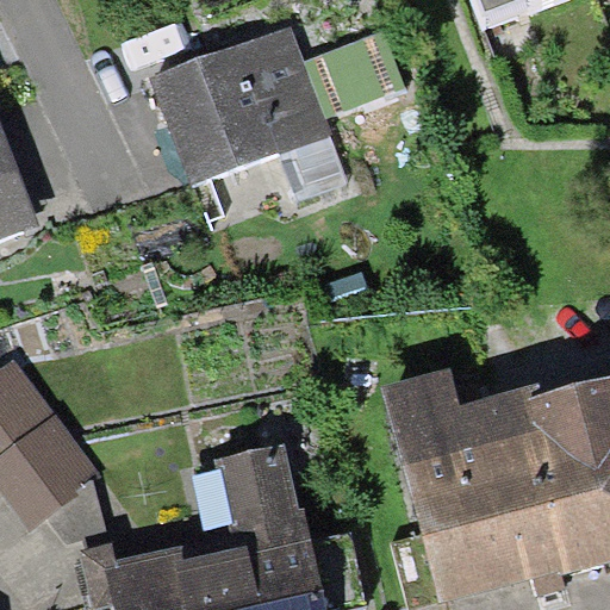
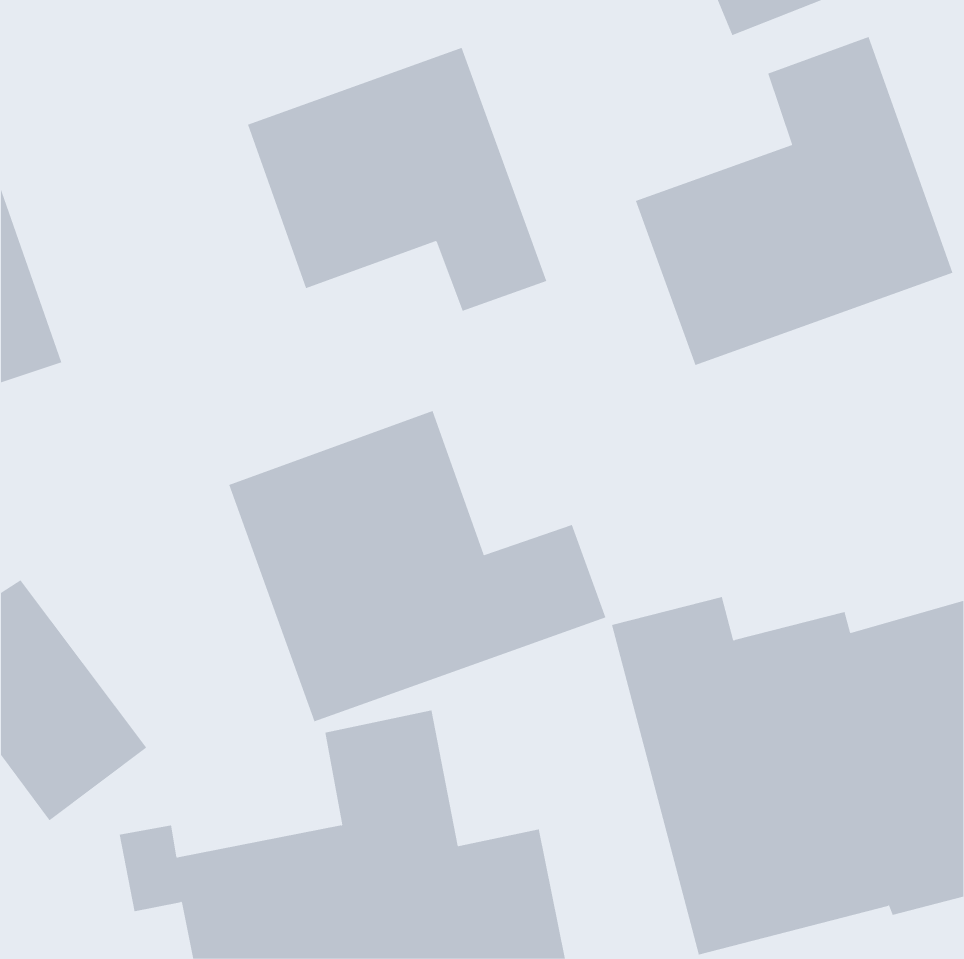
building: none -> [635,36,953,366]
building: none -> [229,410,606,722]

